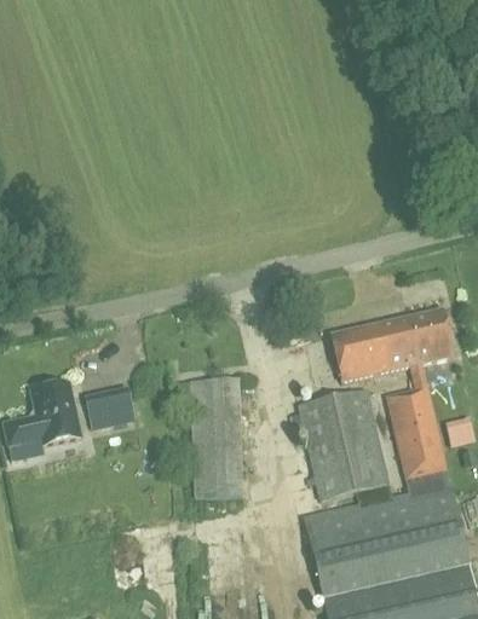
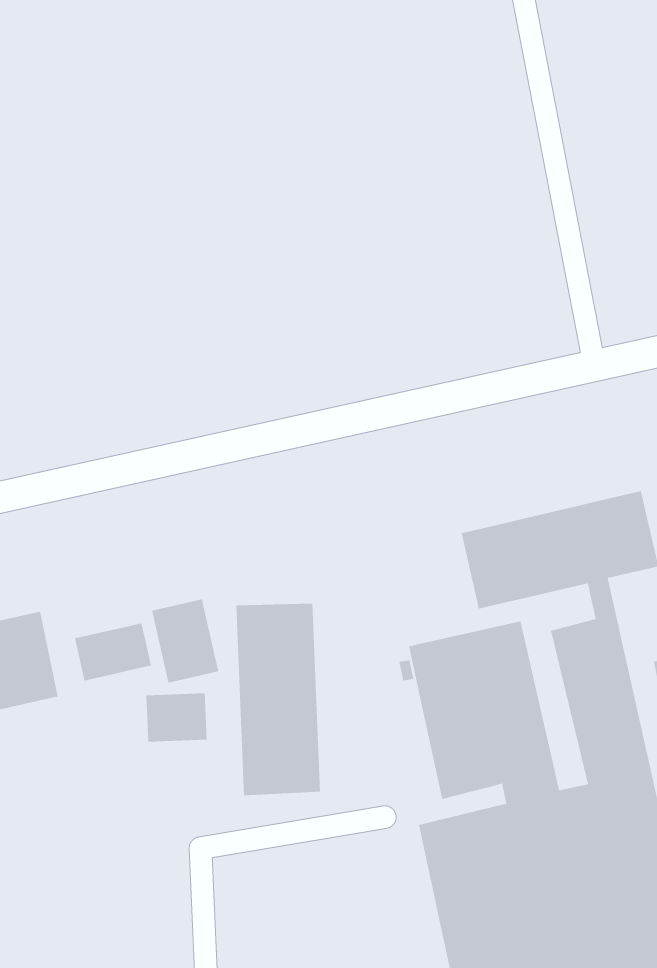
building: none -> [152,599,219,683]
building: none -> [146,692,207,743]

